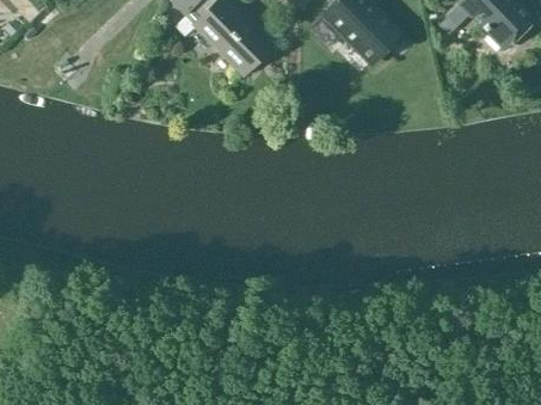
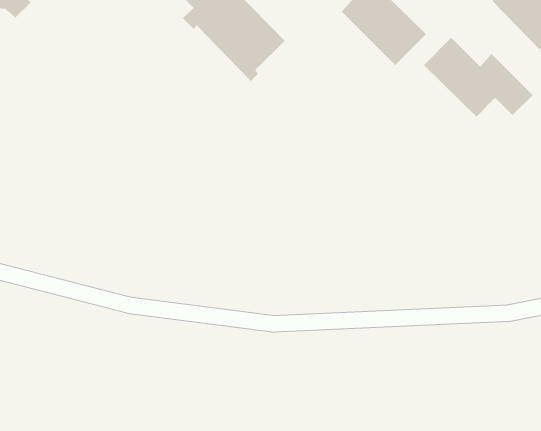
building: none -> [423,37,533,117]

